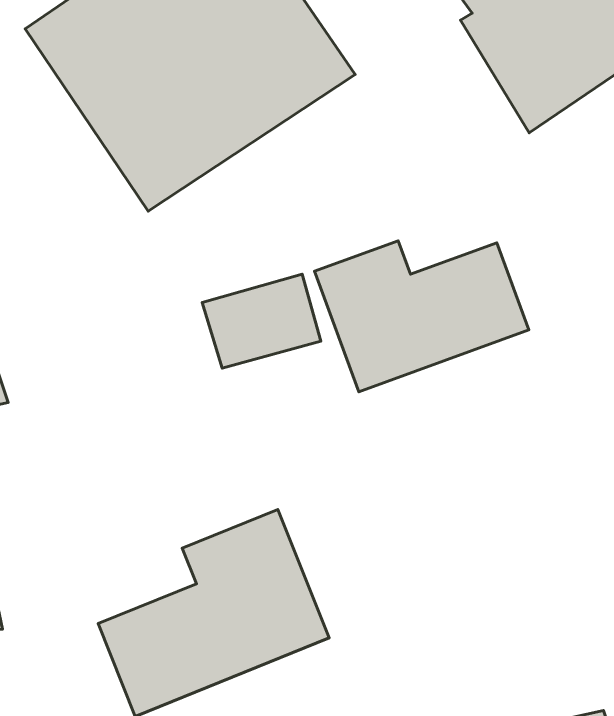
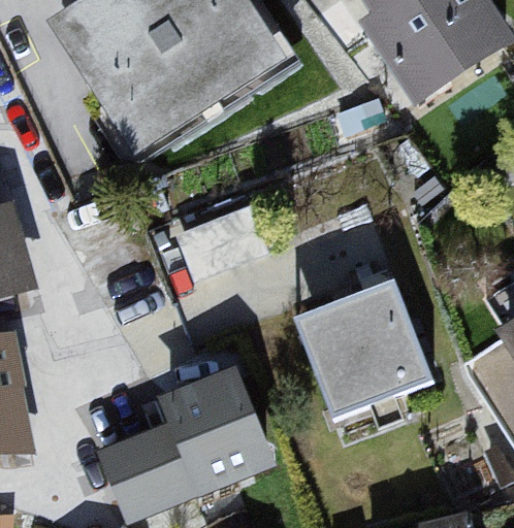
building: [315,241,529,392] -> none
building: none -> [292,287,428,422]

